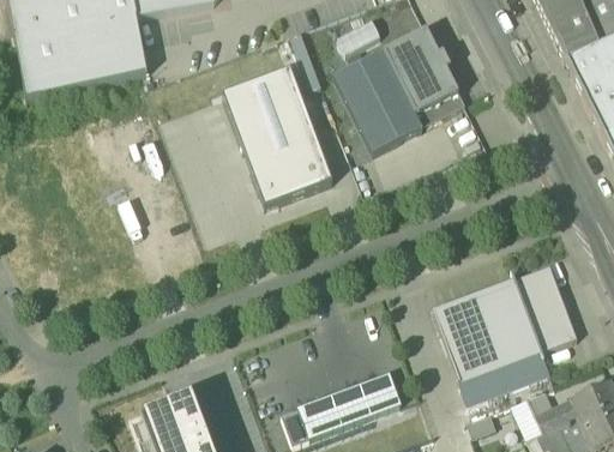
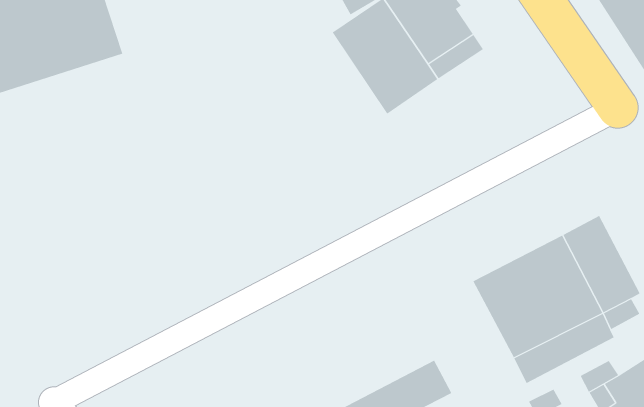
building: [223,70,333,207] -> none

